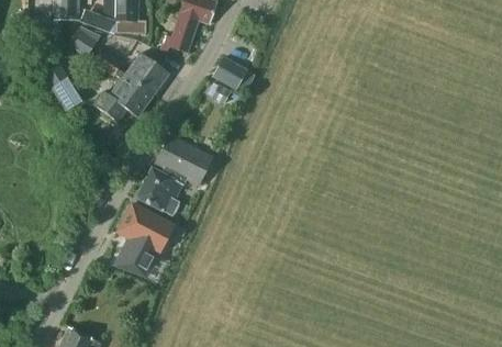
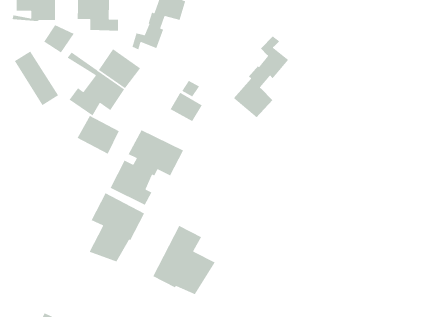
building: none -> [233,35,289,118]
building: [212,57,247,89] -> [169,92,203,122]
building: none -> [76,115,120,155]
building: none -> [152,225,216,295]

